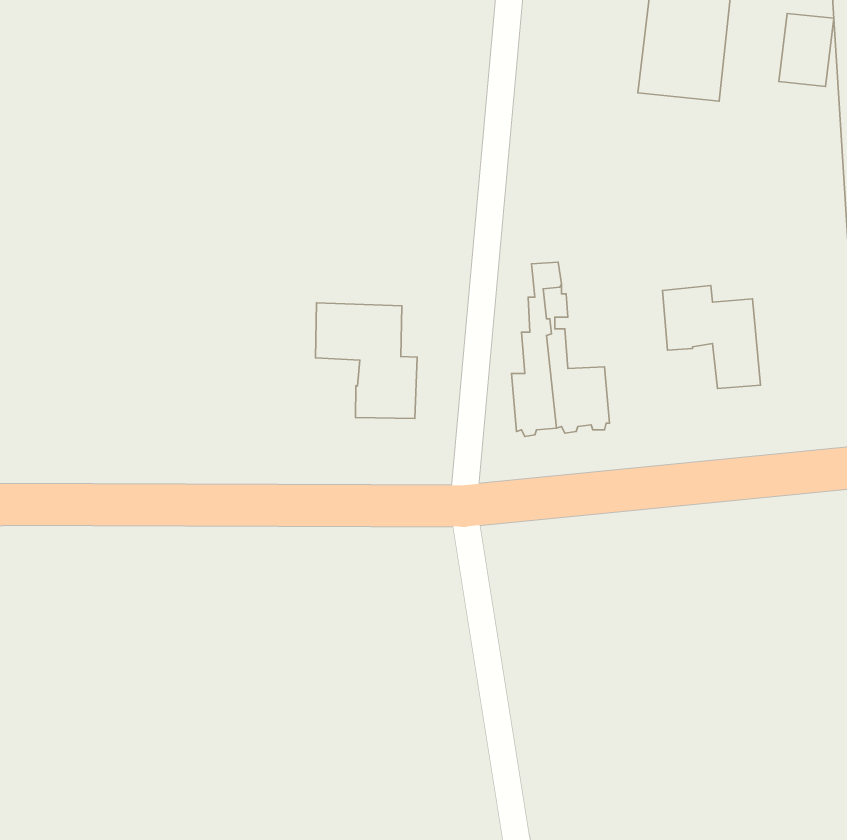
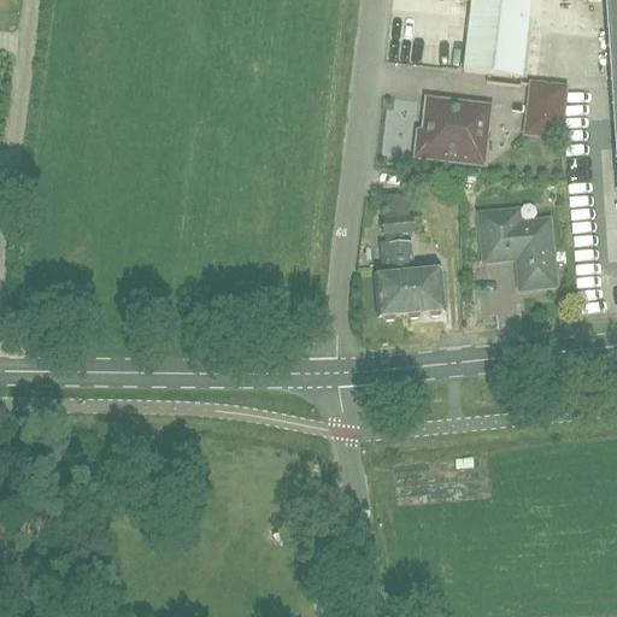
building: [779,13,834,86] -> [527,81,566,134]
building: none -> [418,98,490,160]
building: [315,303,417,419] -> none

